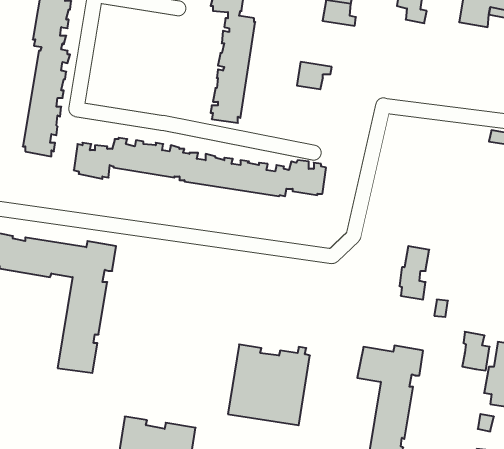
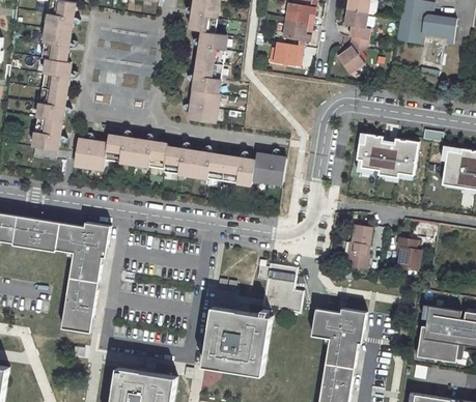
building: none -> [336,36,366,75]
building: [297,62,332,89] -> [272,42,301,65]
building: none -> [356,133,417,182]
building: none -> [260,263,301,313]
building: [462,332,490,370] -> [395,237,418,269]

